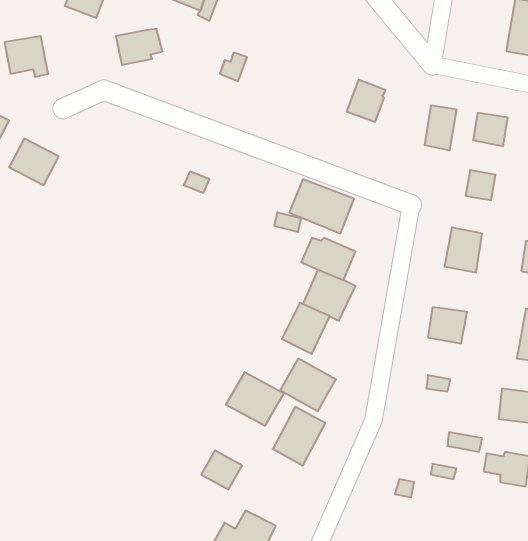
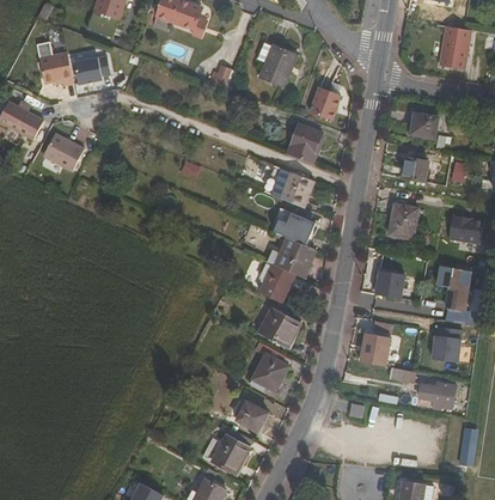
building: none -> [257,42,298,87]
building: [116,29,163,65] -> [73,55,110,84]
building: [425,105,457,151] -> none
building: none -> [287,122,324,164]
building: [226,372,284,426] -> none
building: none -> [360,333,390,365]
building: [201,450,242,490] -> [236,401,268,432]

